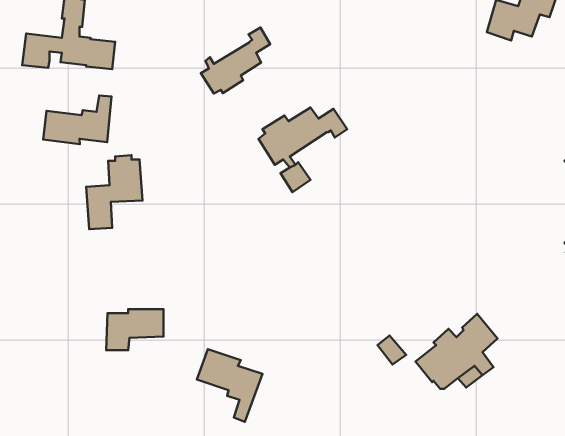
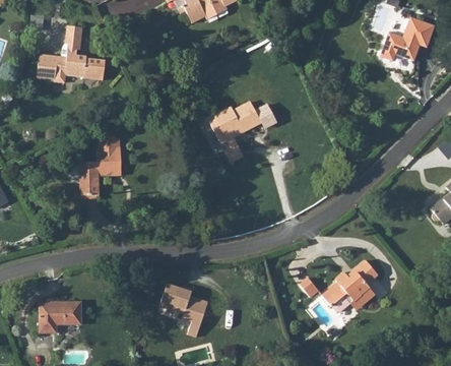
building: [201,27,270,94] -> none
building: [43,95,112,144] -> none
building: [106,309,164,350] -> [40,304,82,334]

